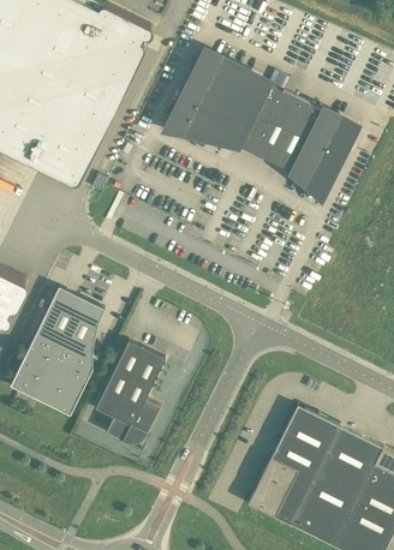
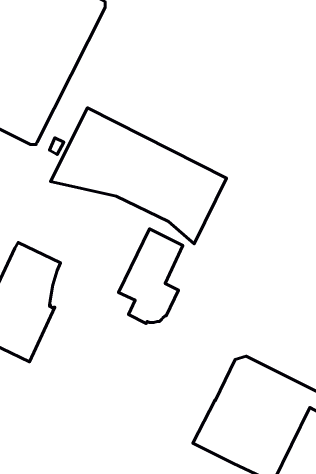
building: [165,53,354,199] -> [51,108,226,244]
building: [94,342,163,444] -> [118,229,183,324]

